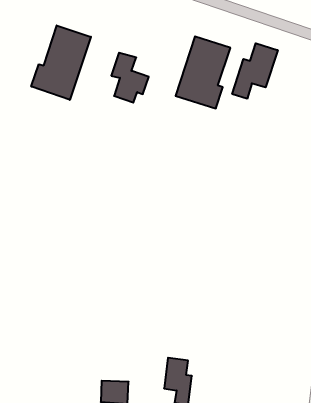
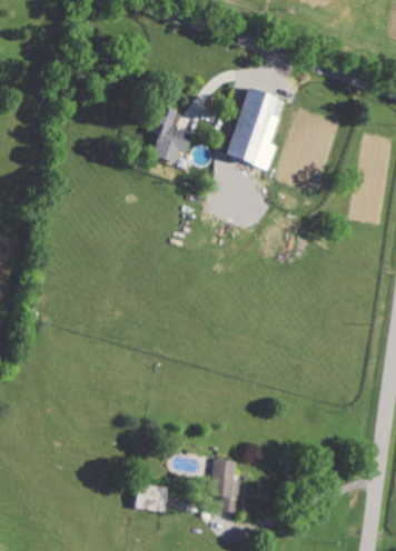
building: [31,25,91,100] -> none
building: [232,43,278,99] -> none

